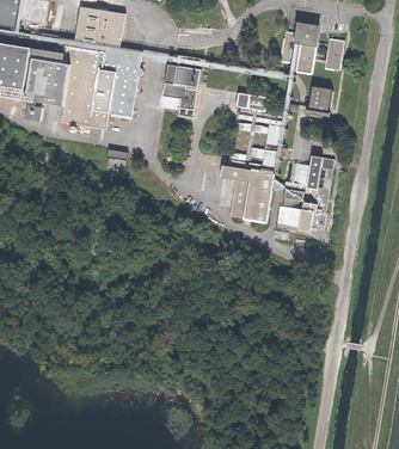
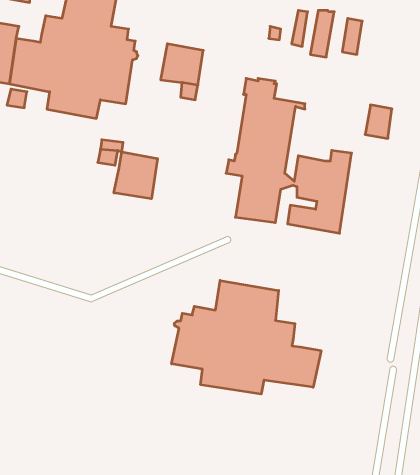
building: [307,85,331,115] -> [365,105,392,138]
building: none -> [114,152,158,199]
building: none -> [172,280,321,394]

